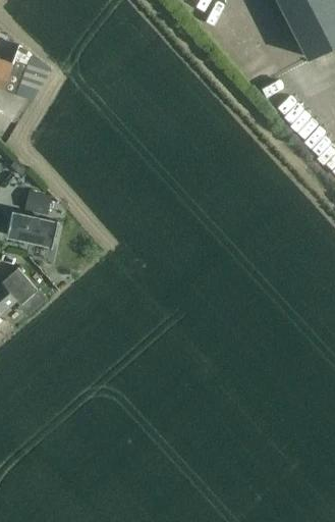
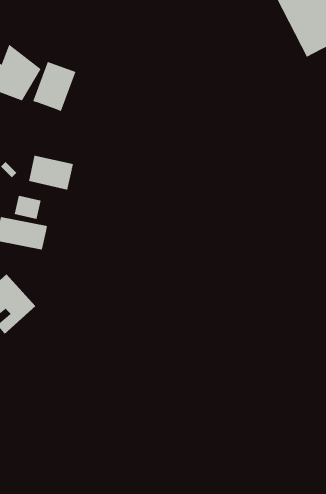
building: none -> [33,61,76,112]
building: none -> [28,155,73,190]

